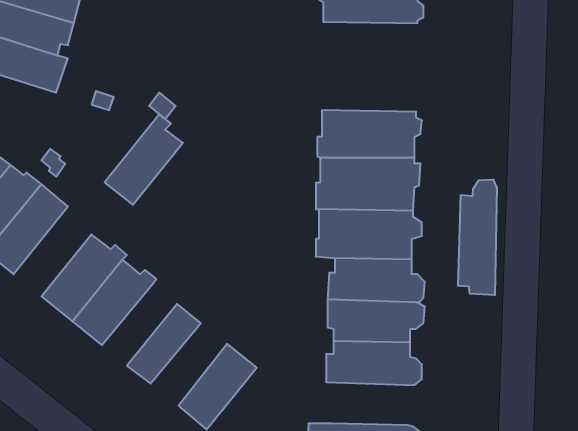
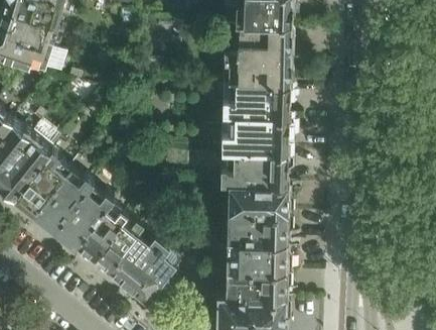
building: none -> [223,25,293,87]
building: [105,115,183,205] -> [14,151,67,213]
building: [458,179,497,295] -> none
building: none -> [75,205,126,260]
building: none -> [108,231,160,288]
building: none -> [227,271,292,301]

